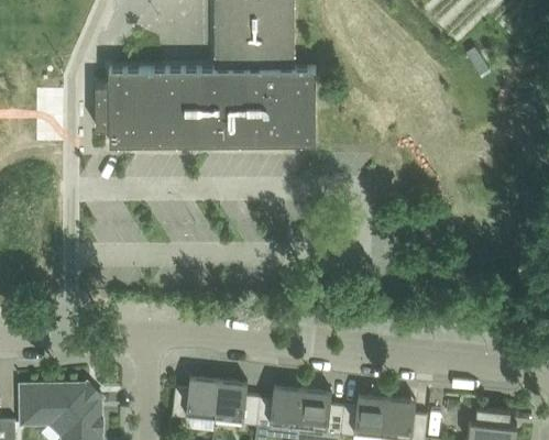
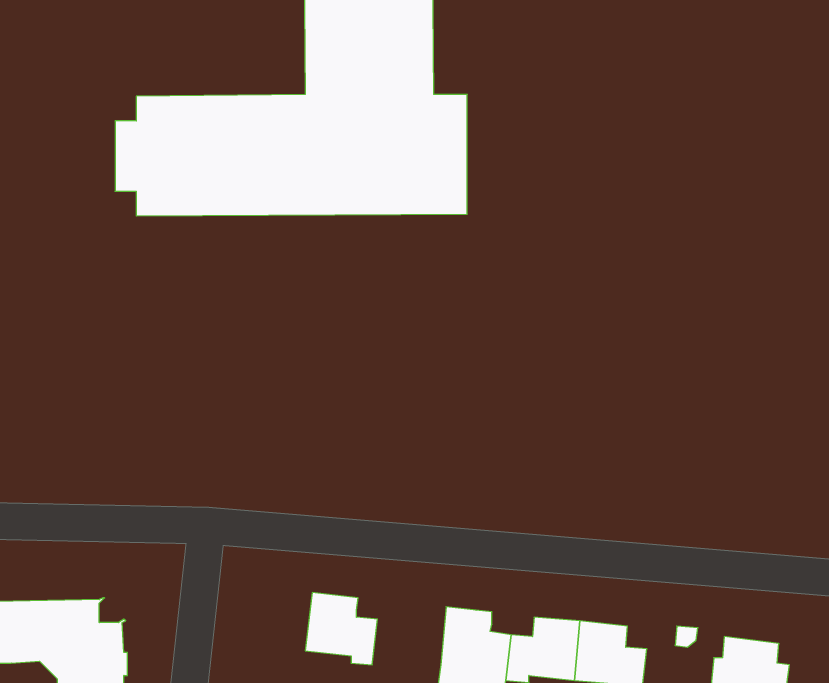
building: [171,378,218,420] -> none
building: [255,387,301,429] -> none

